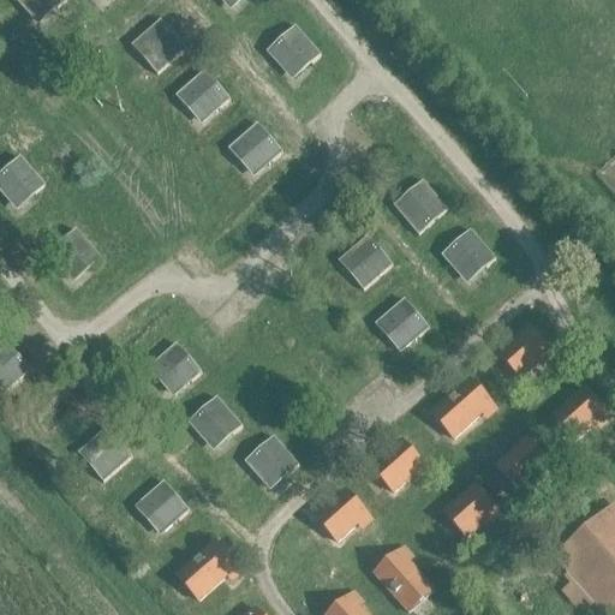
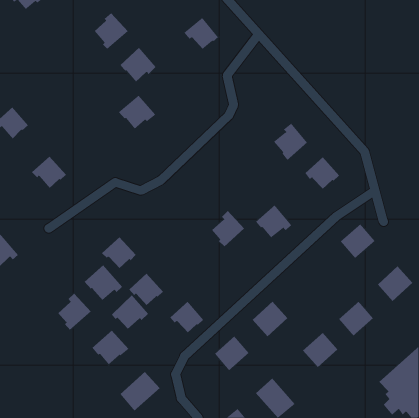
building: [228,120,283,171] -> [118,95,156,129]
building: [344,235,393,289] -> [211,210,245,247]
building: [429,378,489,437] -> none
building: none -> [84,265,123,301]
building: none -> [111,295,149,329]

